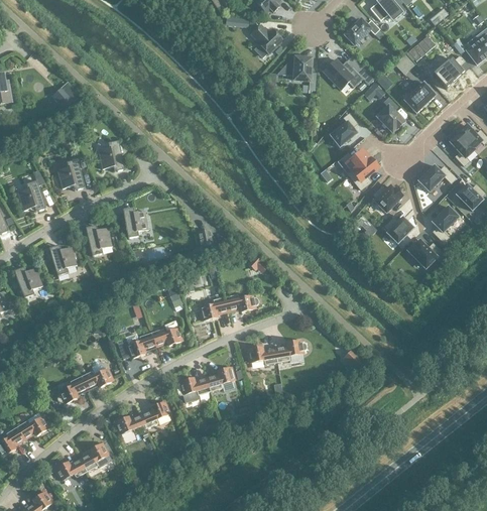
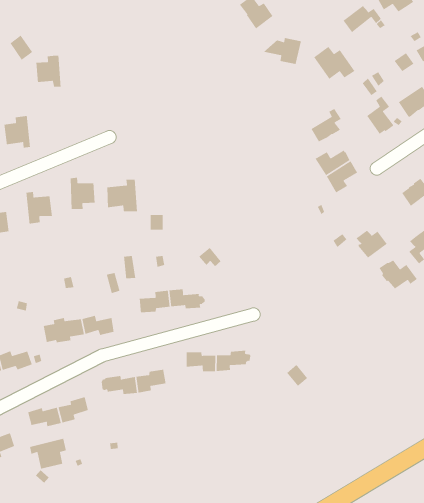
building: [98,140,124,169] -> [36,55,62,87]
building: [372,184,401,211] -> none
building: none -> [106,179,138,212]
building: none -> [29,438,67,469]

